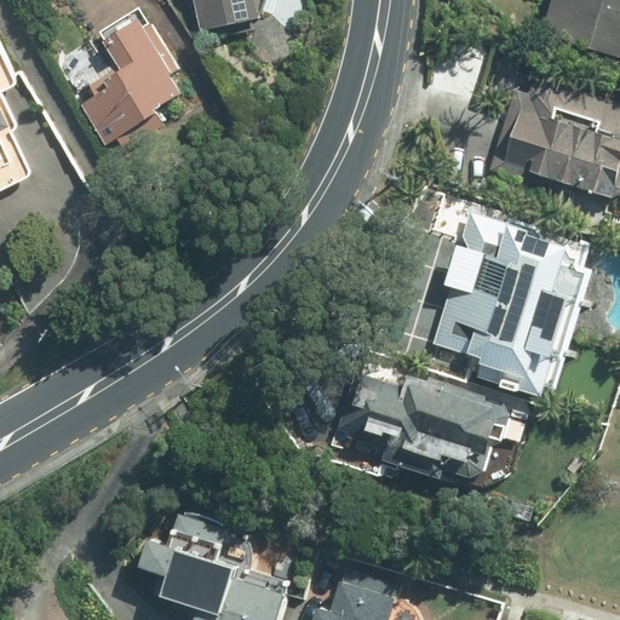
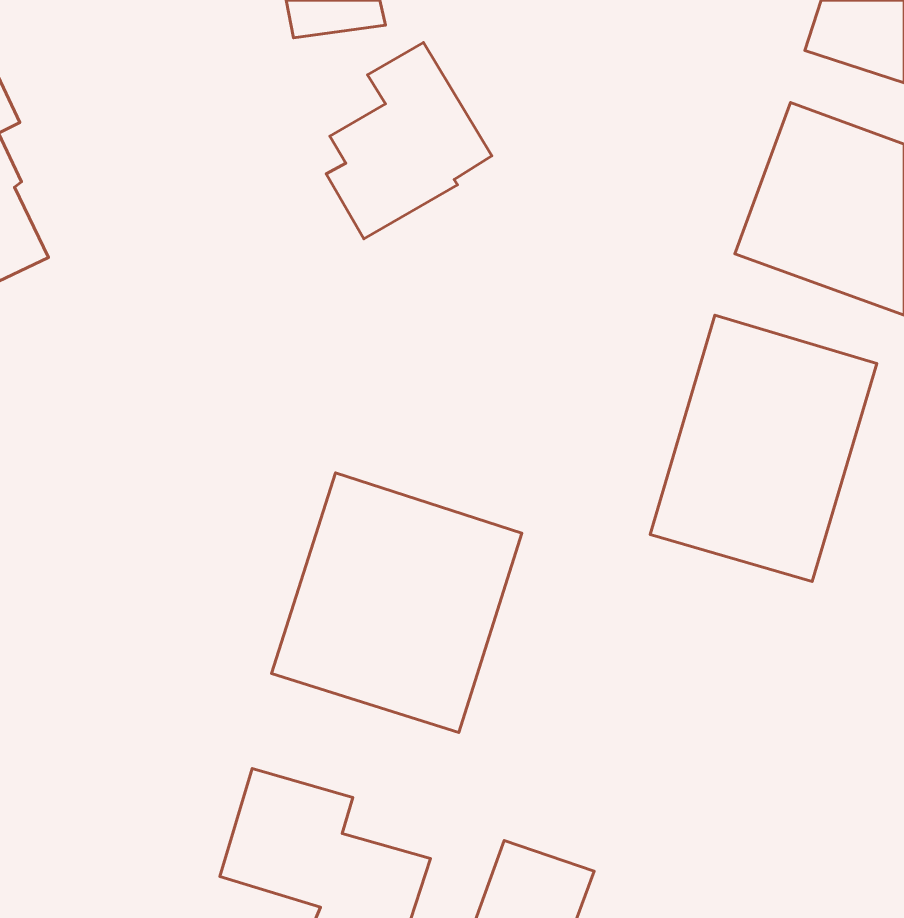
building: [75,16,186,148] -> [326,43,492,239]
building: none -> [271,473,522,733]
building: [343,356,504,486] -> none

